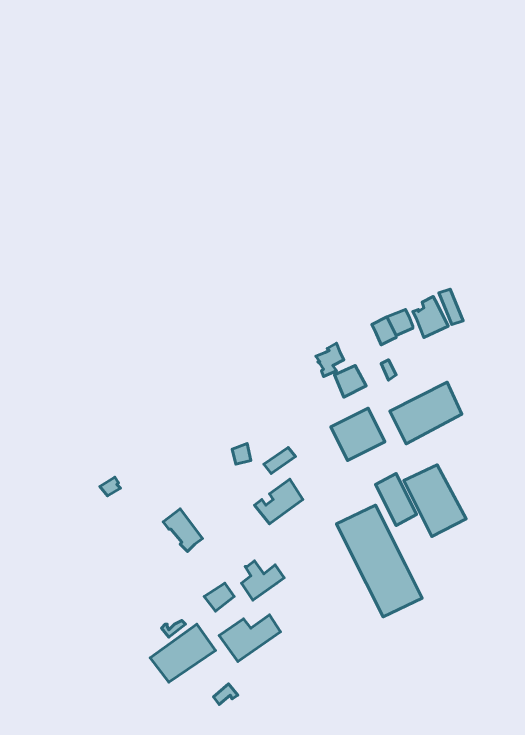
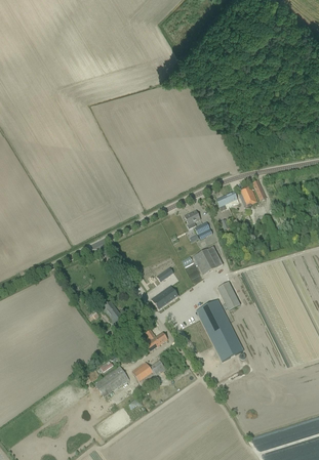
building: [390,382,462,444] -> none
building: [404,465,466,536] -> none

